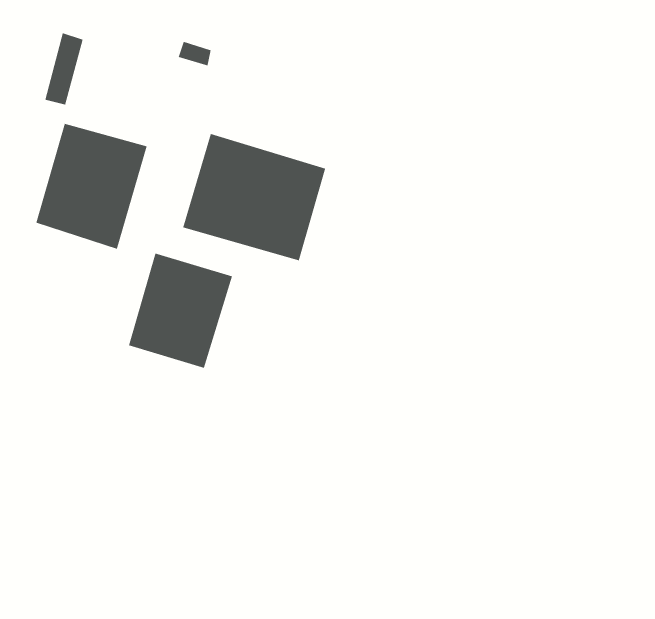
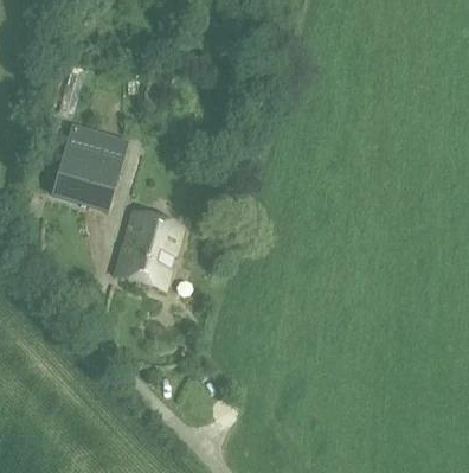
building: [183,133,326,261] -> none

